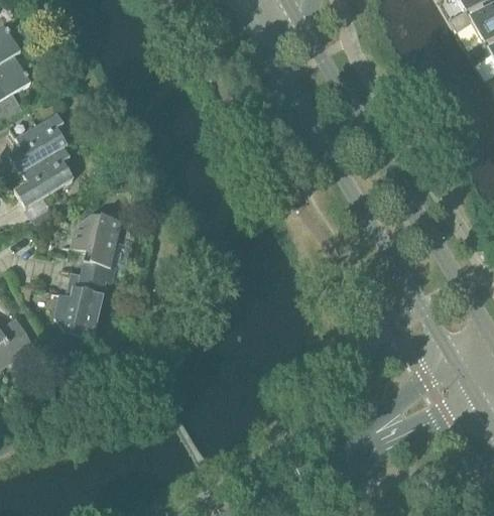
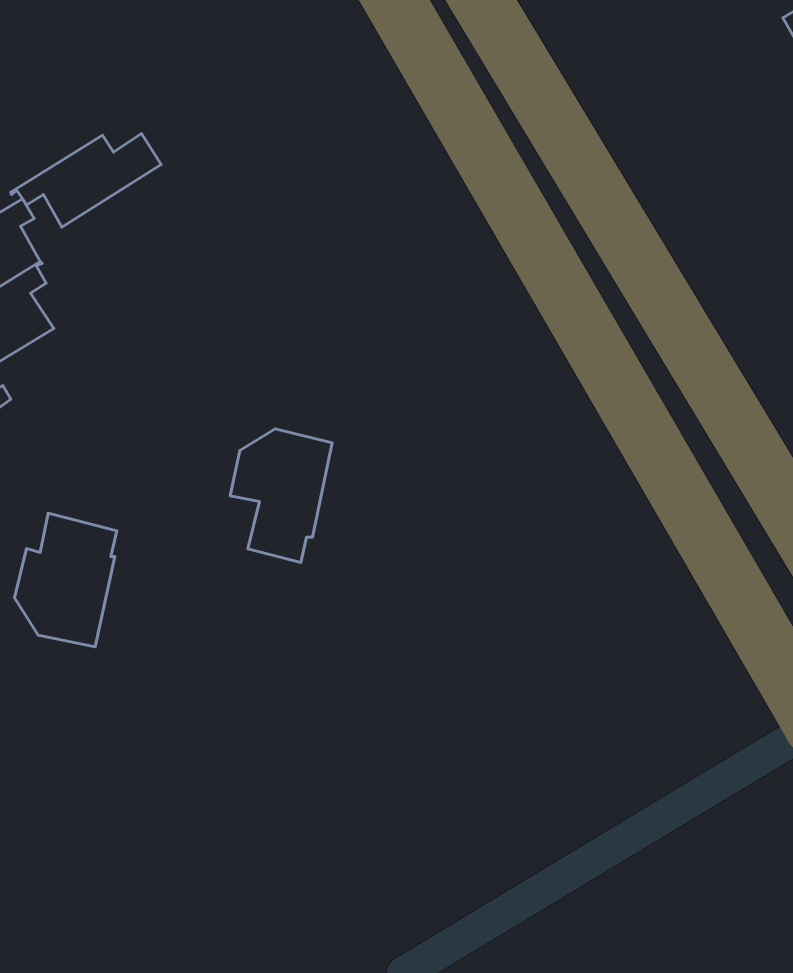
building: none -> [11,133,161,227]
building: [70,212,122,280] -> [230,429,332,563]

